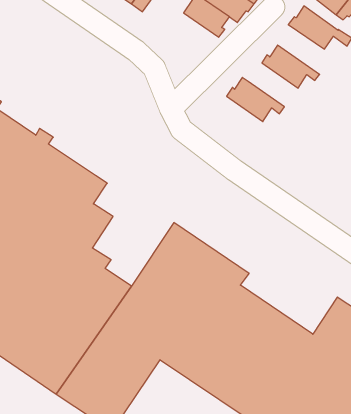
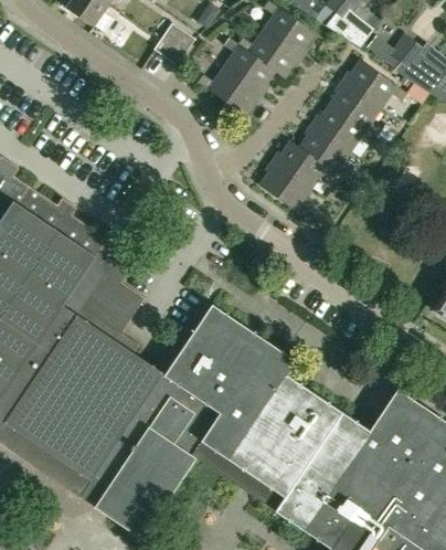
building: none -> [198,68,263,116]
building: none -> [329,82,382,138]
building: none -> [296,125,352,181]
building: none -> [259,162,312,219]

